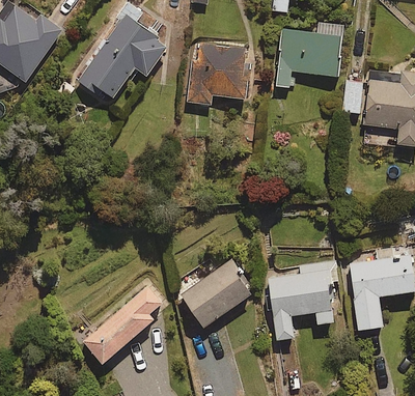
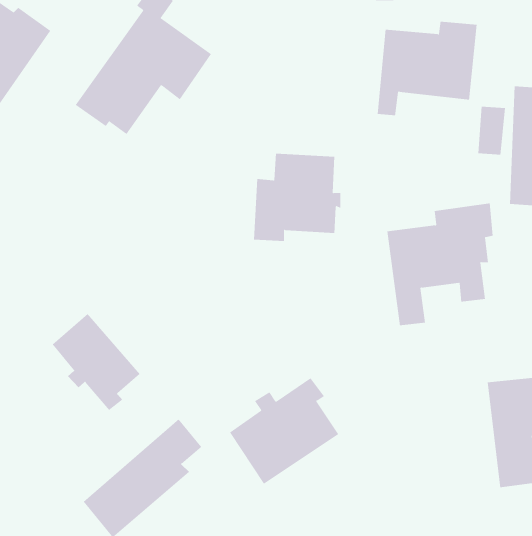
building: [191,45,249,103] -> [253,153,341,241]
building: none -> [52,313,141,411]
building: [269,259,339,340] -> [387,203,494,326]

